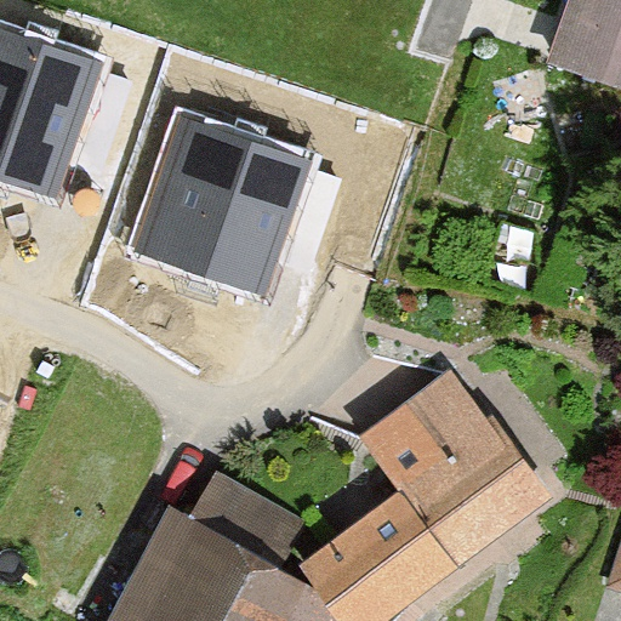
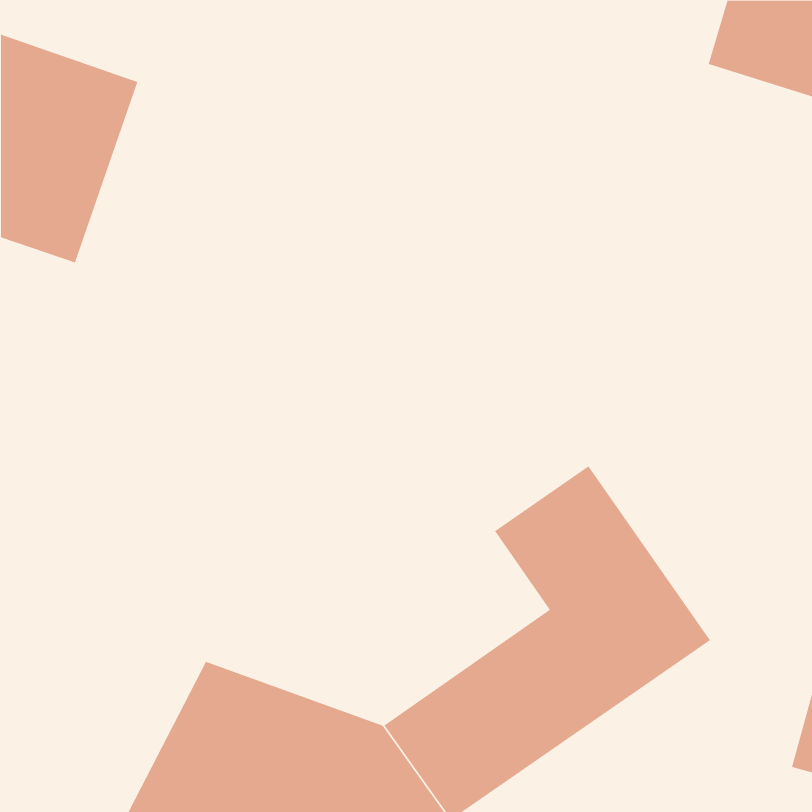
building: [137,121,321,306] -> none

